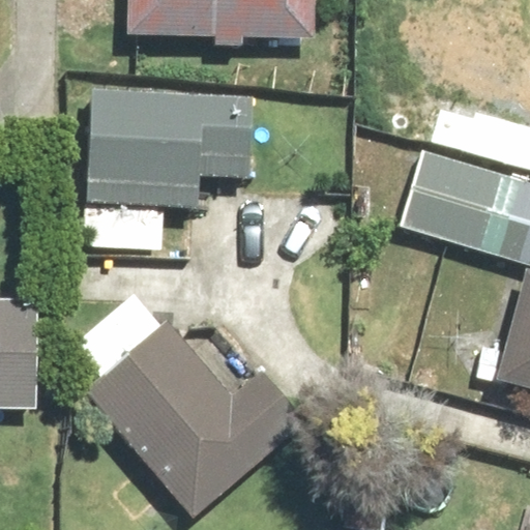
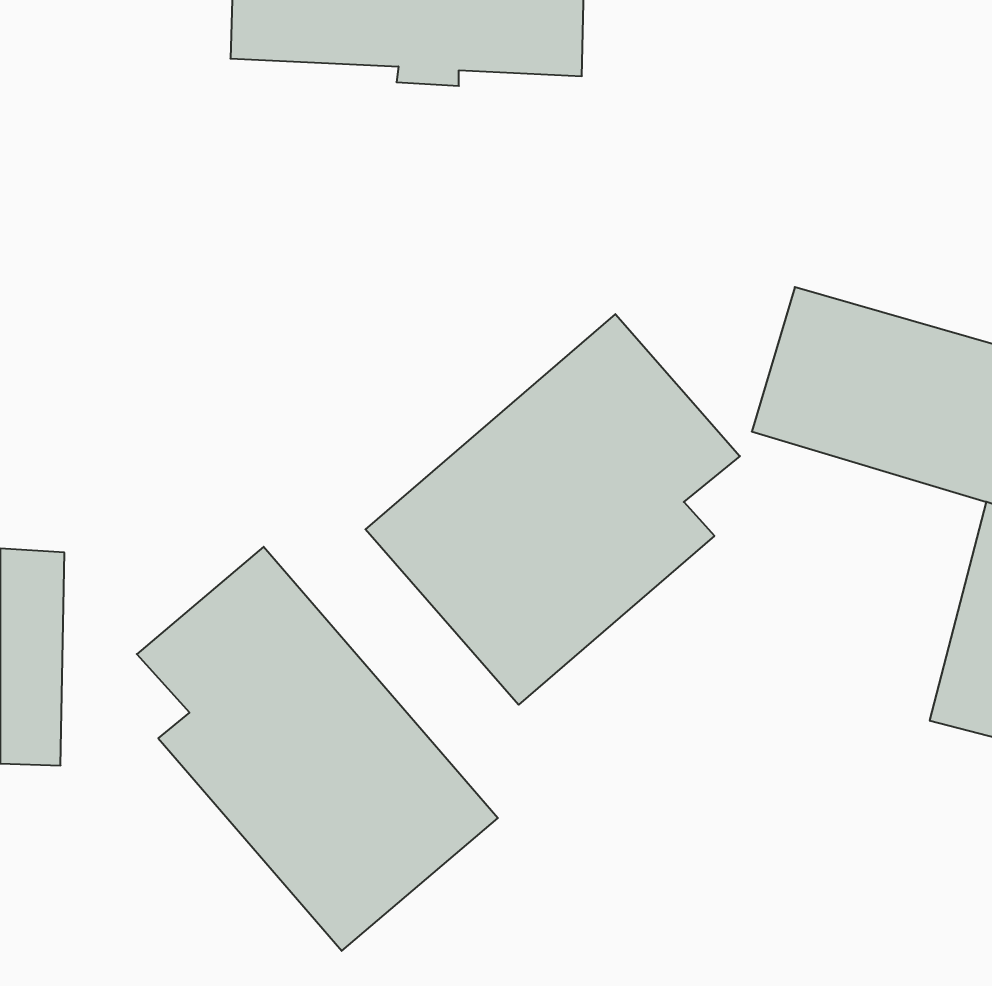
building: [86,91,267,246] -> none
building: none -> [365,314,740,705]

